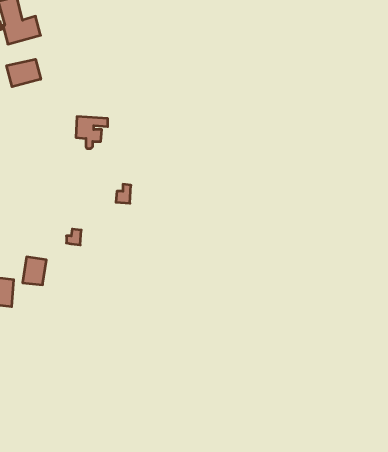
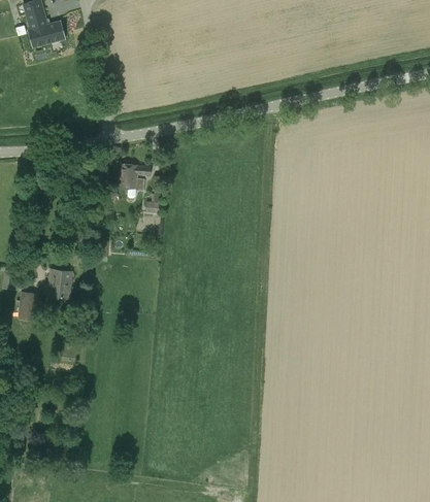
building: [7,59,41,87] -> none
building: [76,117,108,148] -> [117,165,150,198]

